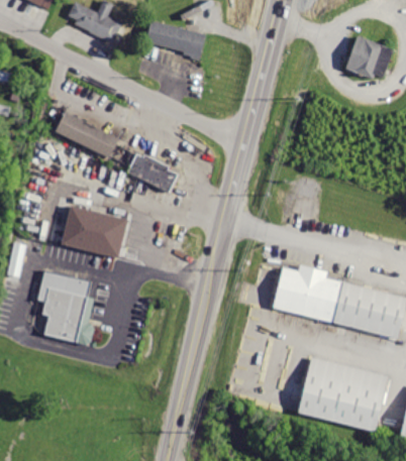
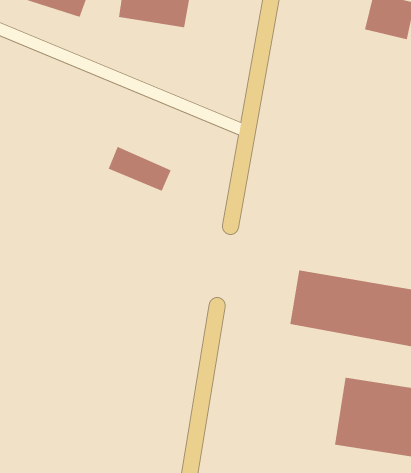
building: [54,110,121,161] -> none
building: [59,203,126,257] -> none
building: [35,267,95,344] -> none

